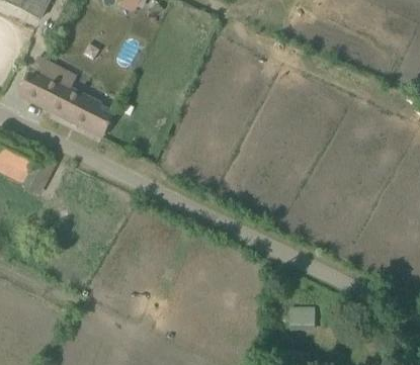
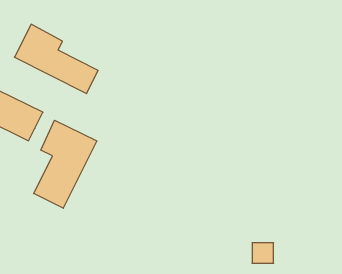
building: none -> [34,120,97,208]

